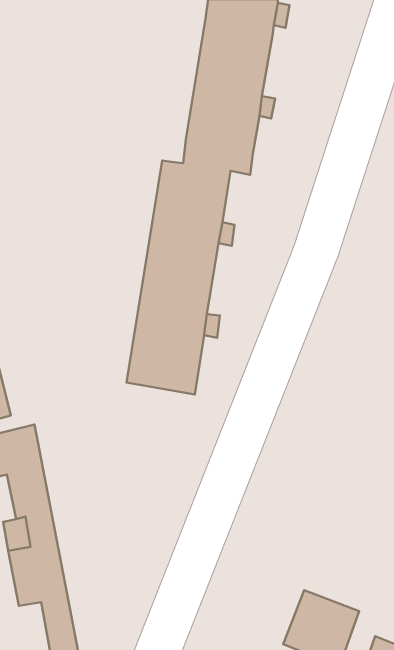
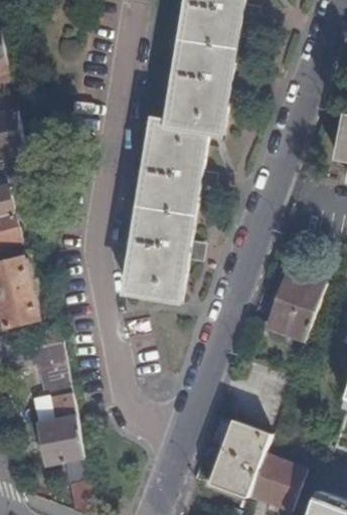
building: none -> [267,271,325,341]
building: none -> [211,418,271,495]

